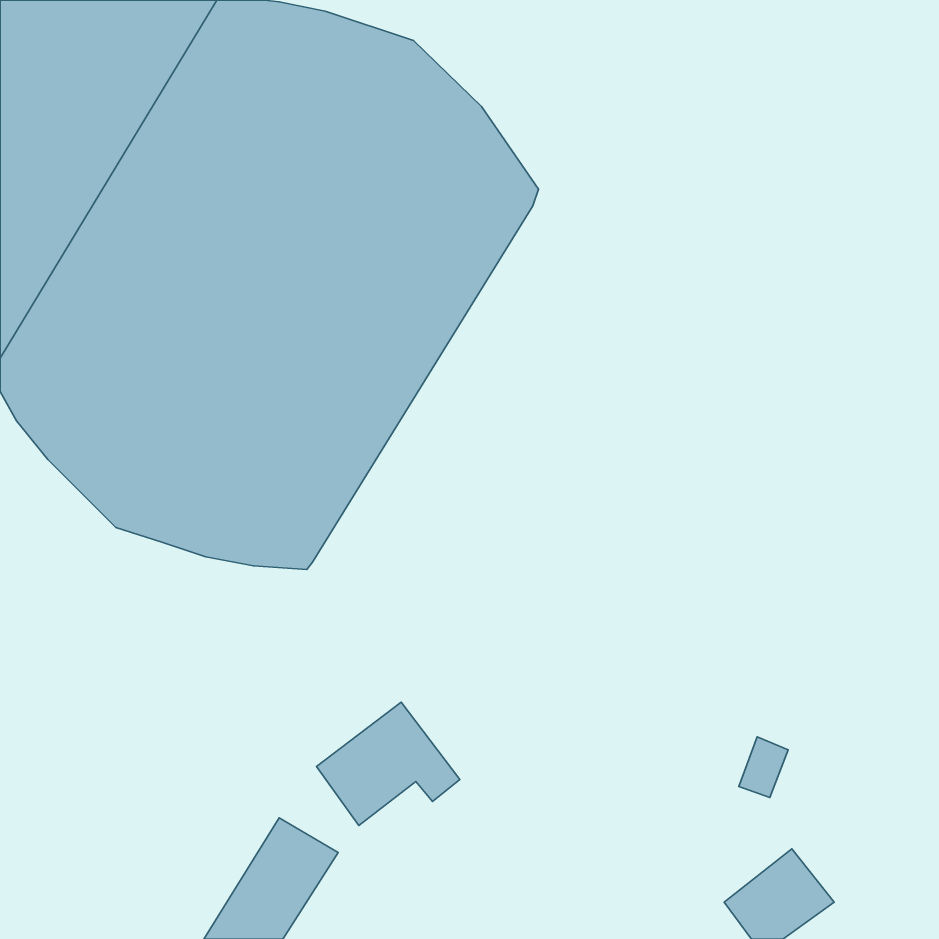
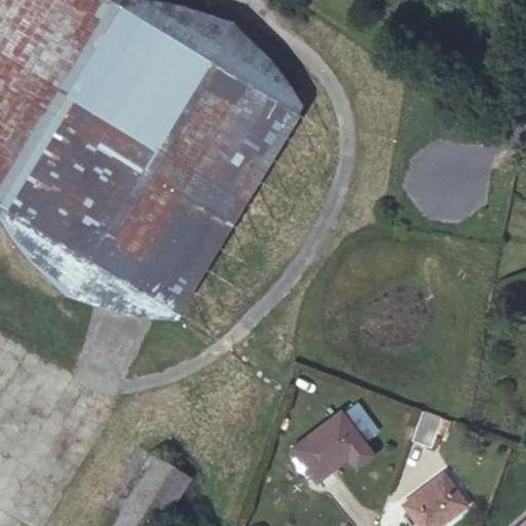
building: [317,702,460,825] -> [293,412,373,481]

